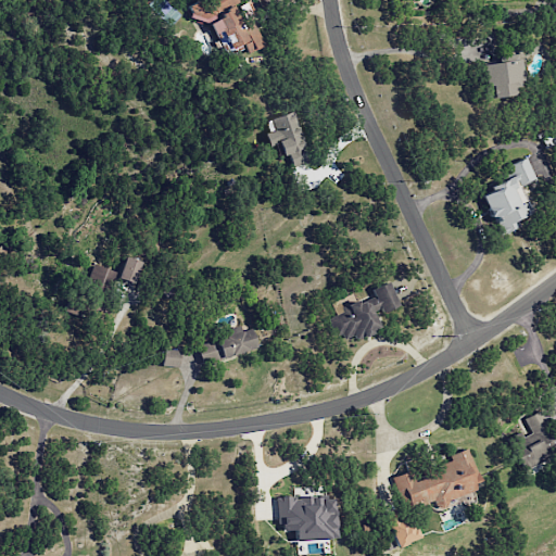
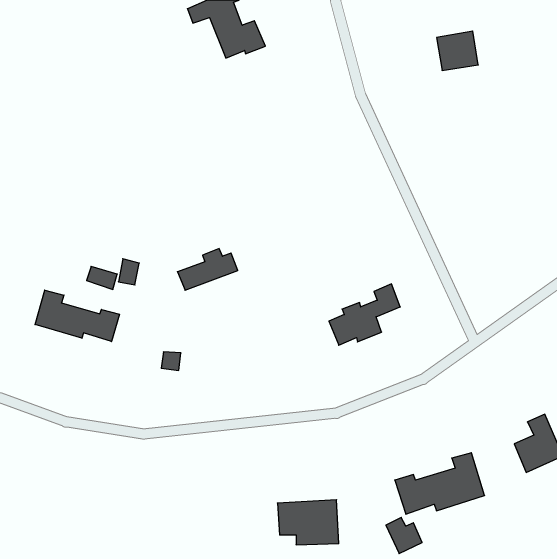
building: [484,60,526,99] -> [437,31,478,70]
building: [266,113,311,164] -> none
building: [485,159,536,236] -> none
building: none -> [35,290,119,342]
building: [198,325,257,366] -> [177,249,238,290]

